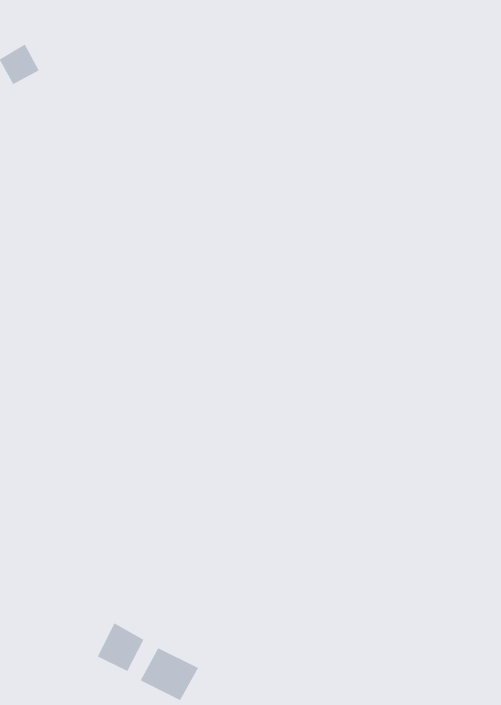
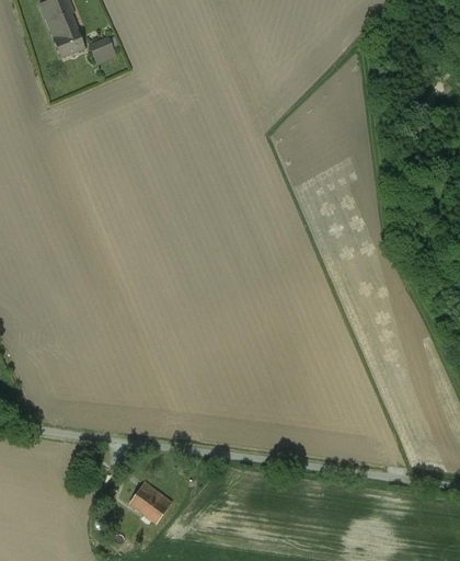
building: [97,623,144,672] -> none

